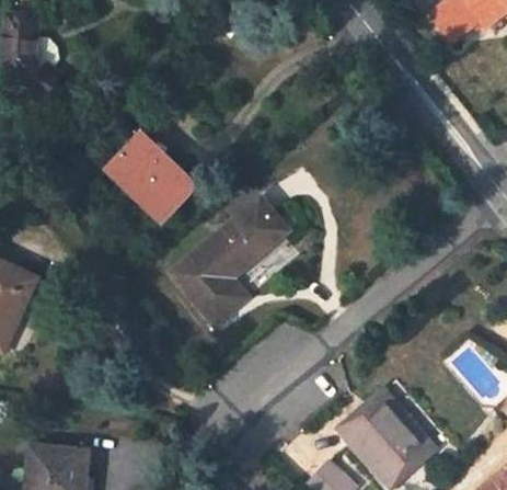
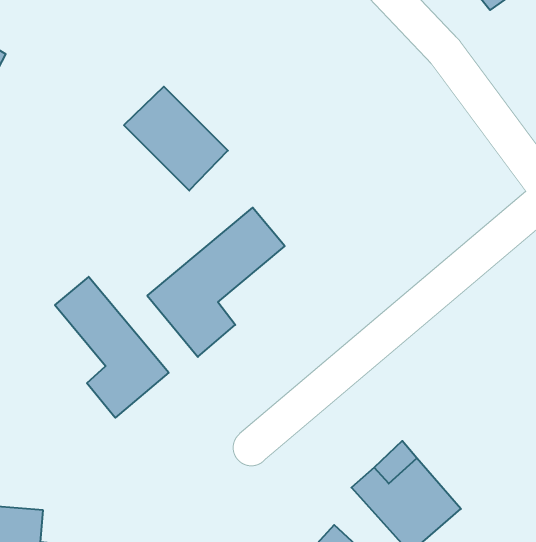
building: [108,135,194,220] -> [124,87,228,191]
building: none -> [55,277,169,418]

